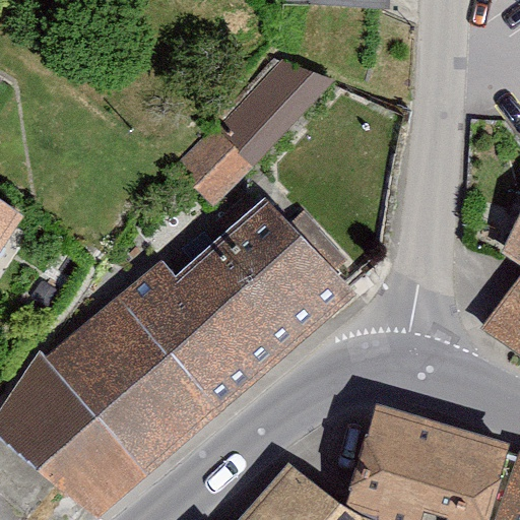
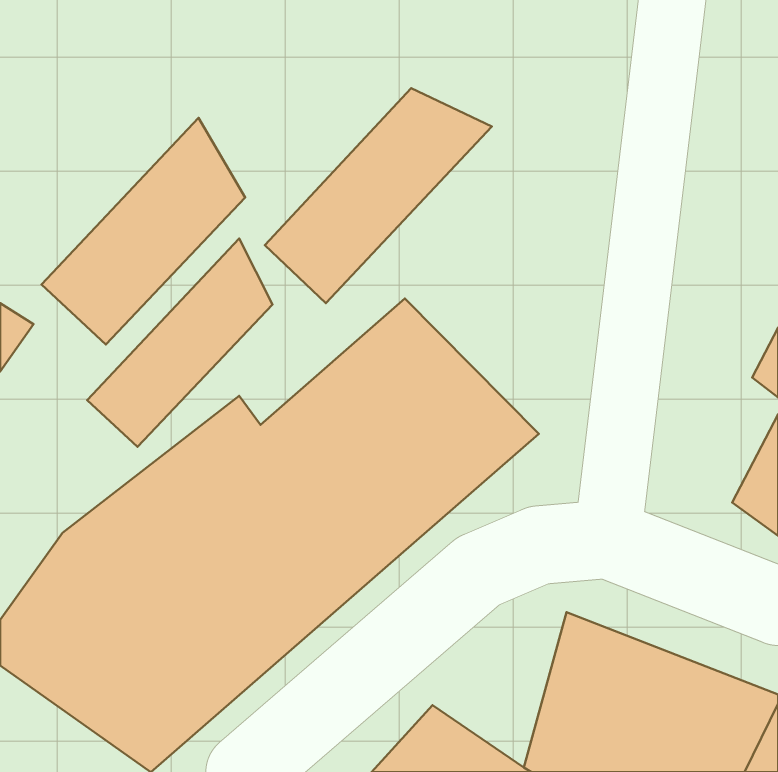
building: none -> [42,118,245,344]
building: none -> [87,238,272,447]

